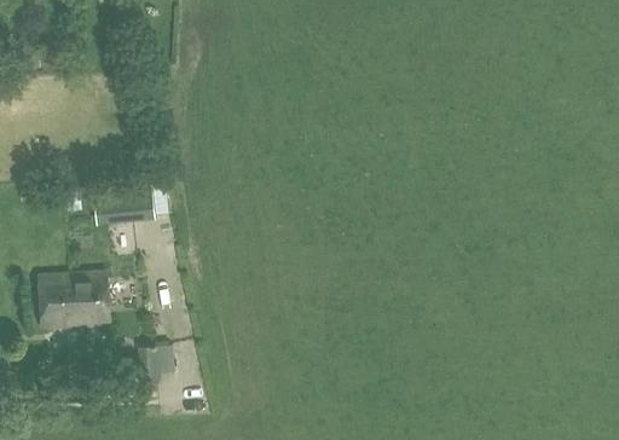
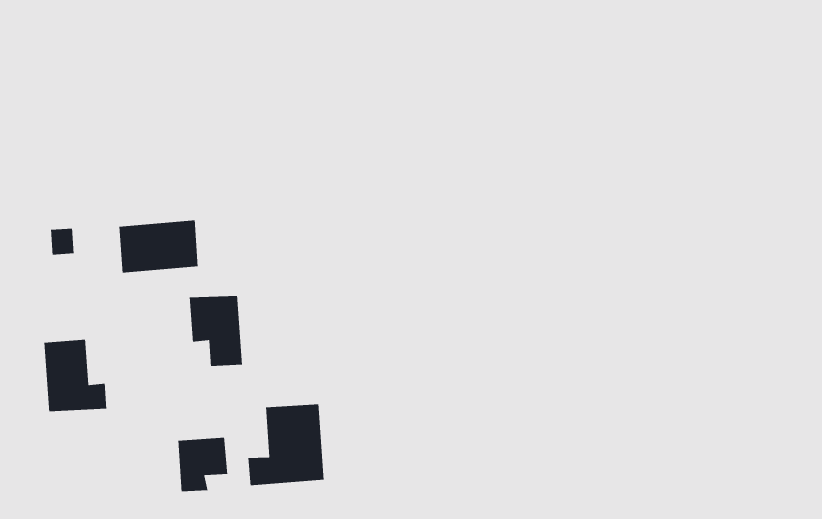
building: [66,272,106,325] -> [189,295,243,367]
building: none -> [247,403,325,486]

